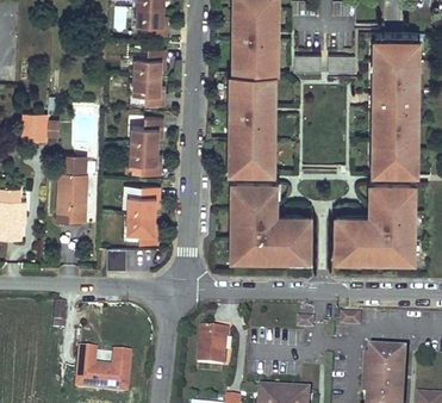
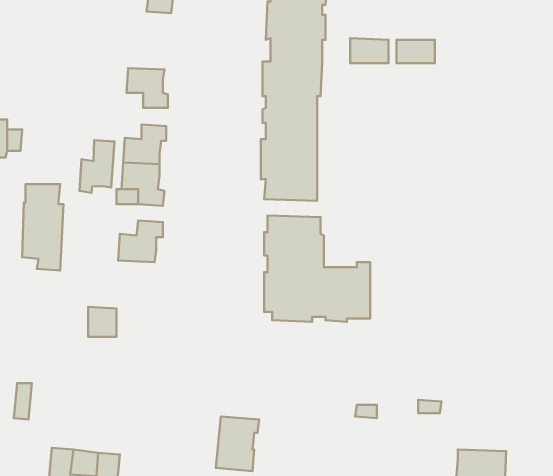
building: [368,41,417,173] -> none
building: [135,48,166,78] -> none
building: none -> [79,140,115,193]
building: [336,184,413,260] -> none
building: [127,215,157,244] -> none

